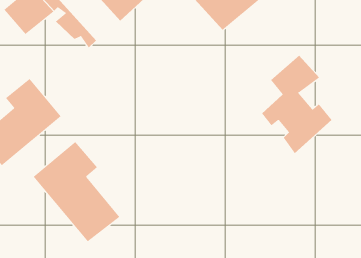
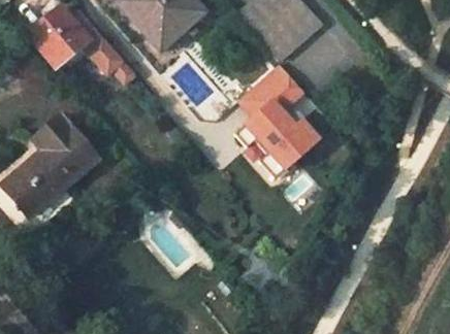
building: [261,55,333,154] -> [236,65,318,178]
building: [33,141,120,242] -> none

